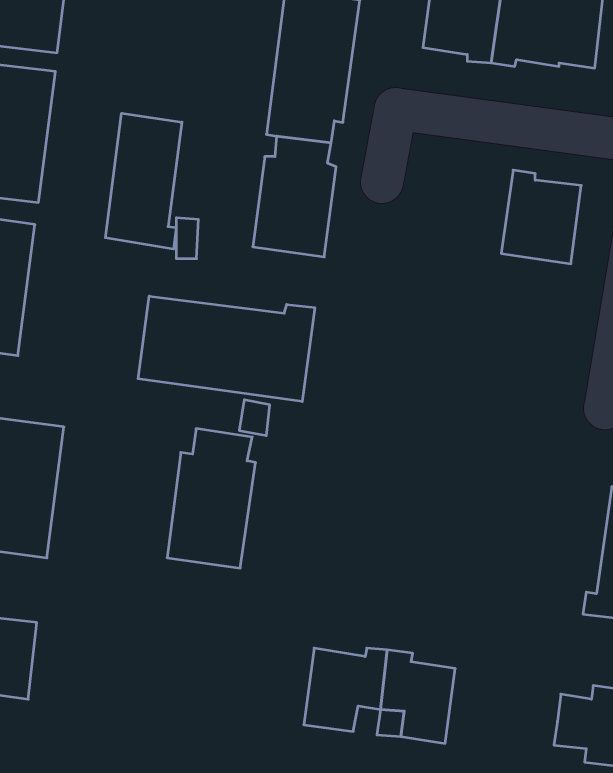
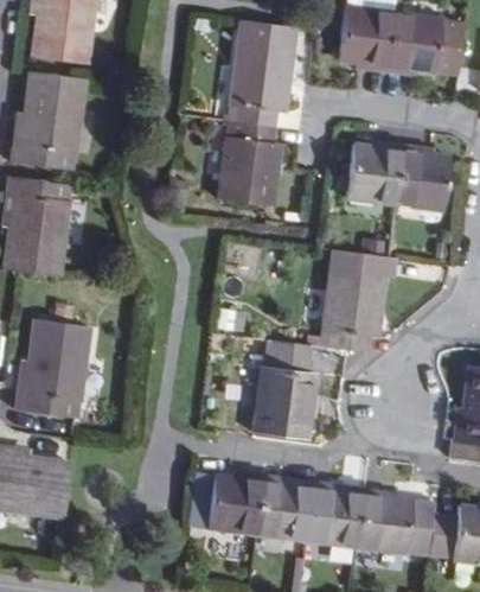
building: [105,113,182,249] -> none
building: none -> [345,145,402,205]
building: [138,296,315,402] -> none
building: none -> [324,250,396,354]
building: [167,429,256,568] -> [254,340,315,438]
building: none -> [209,472,263,534]
building: none -> [354,488,436,554]

